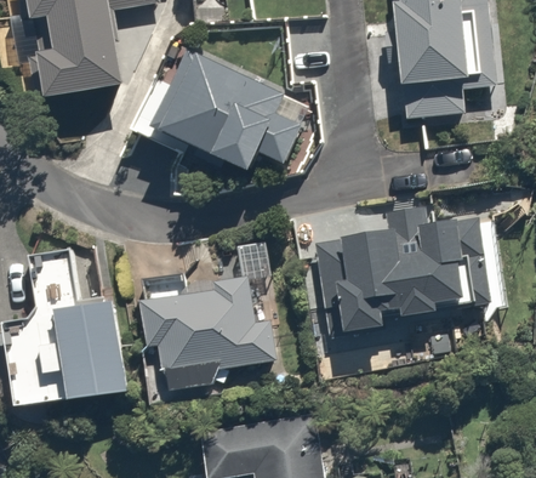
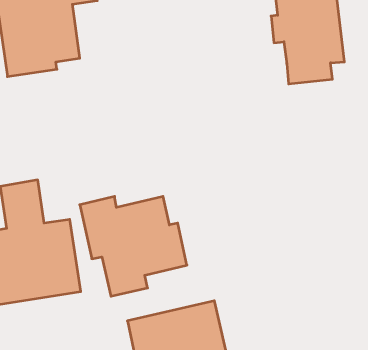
building: [152,42,309,182] -> none
building: [303,218,496,342] -> none

